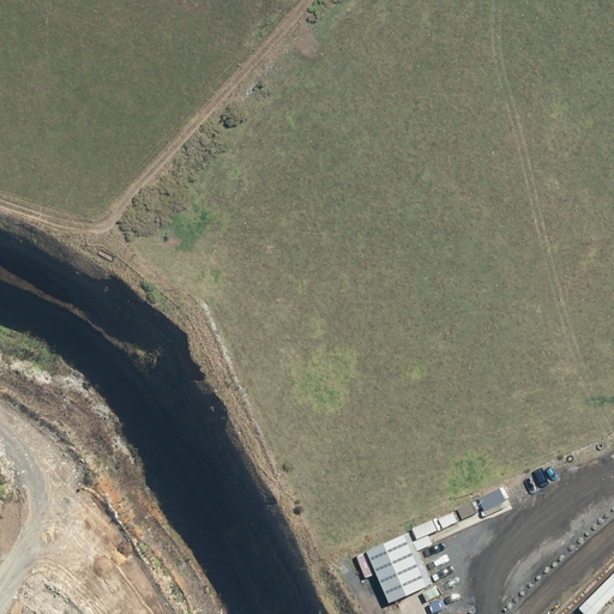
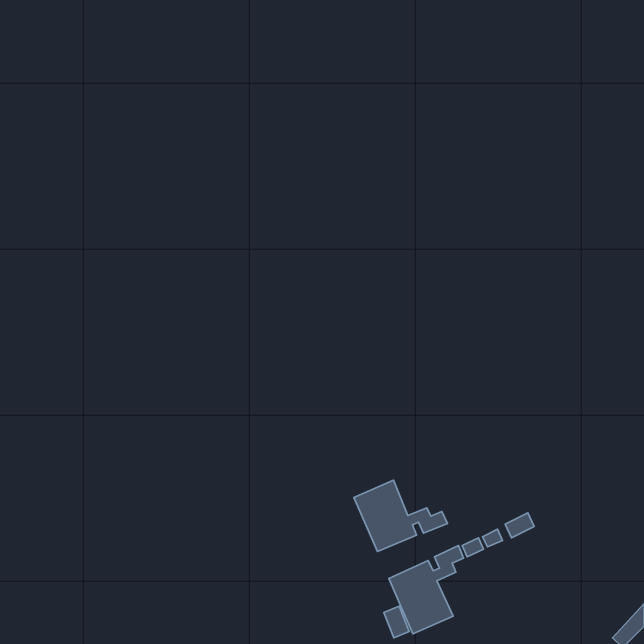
building: none -> [354,480,448,552]

